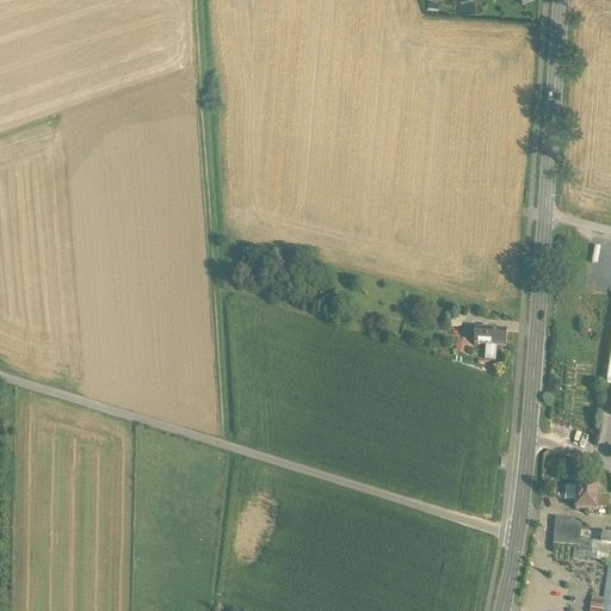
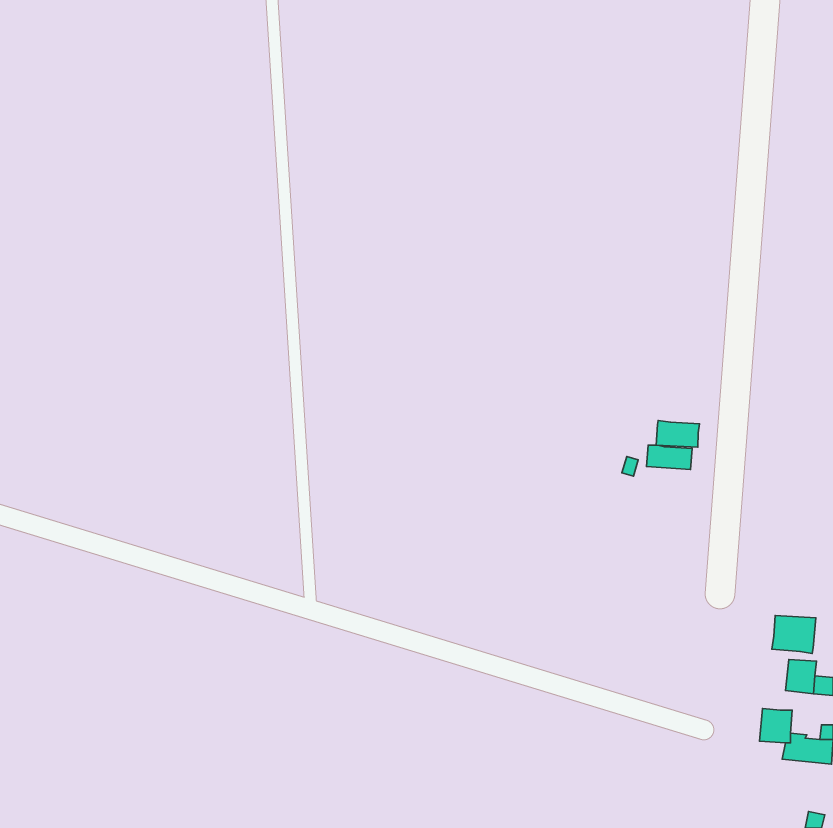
building: none -> [656,421,700,447]
building: none -> [772,616,816,653]

